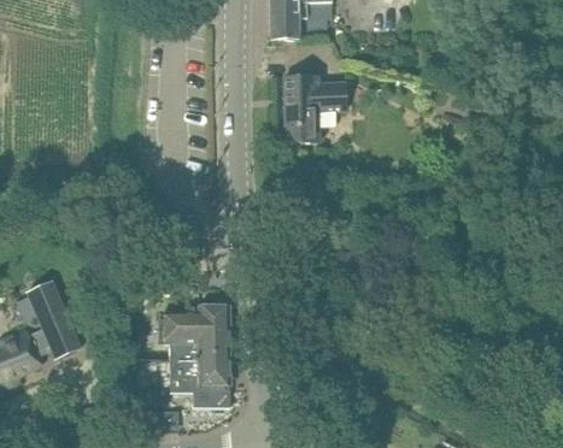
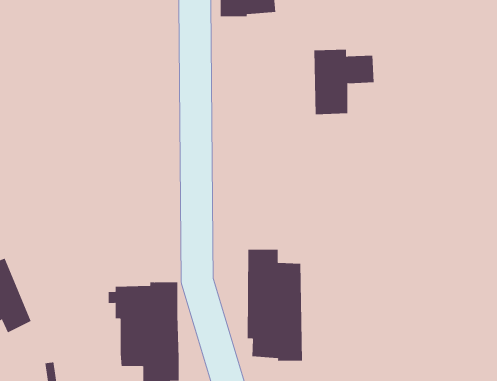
building: [283,76,345,142] -> [314,49,374,115]
building: none -> [247,249,302,362]

